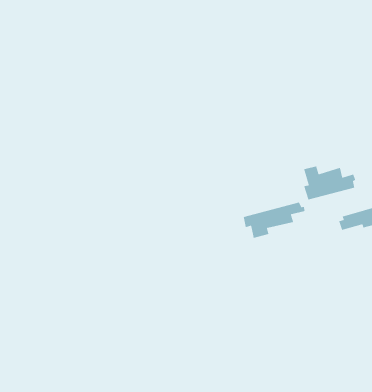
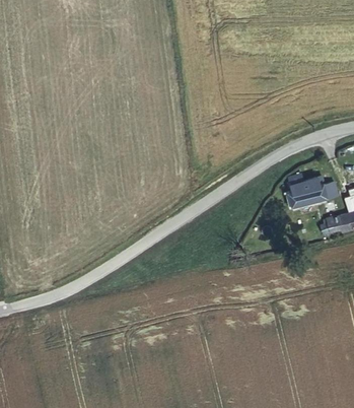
building: [243,202,305,239] -> none

